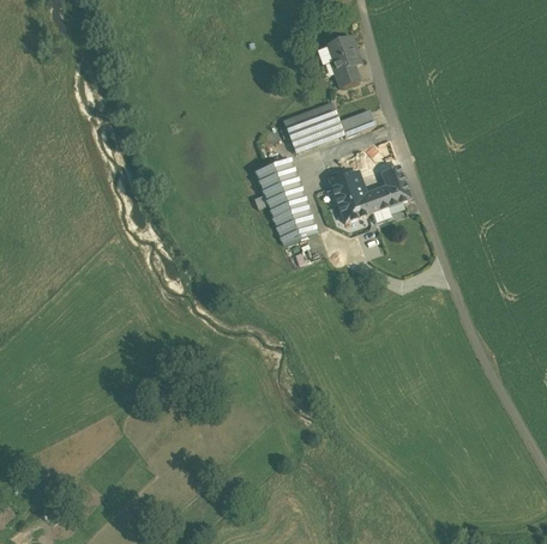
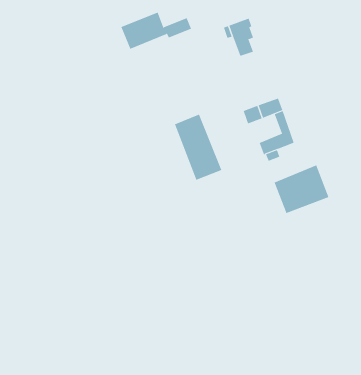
building: [283,101,374,149] -> [121,12,192,49]
building: [331,175,369,219] -> none
building: none -> [274,165,329,214]

